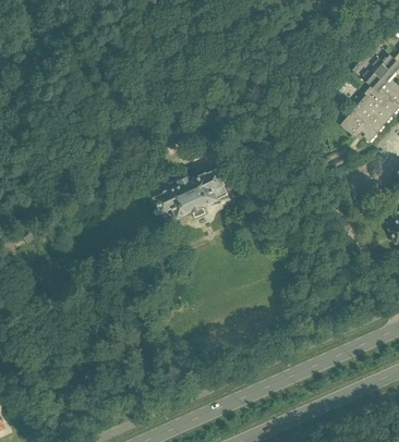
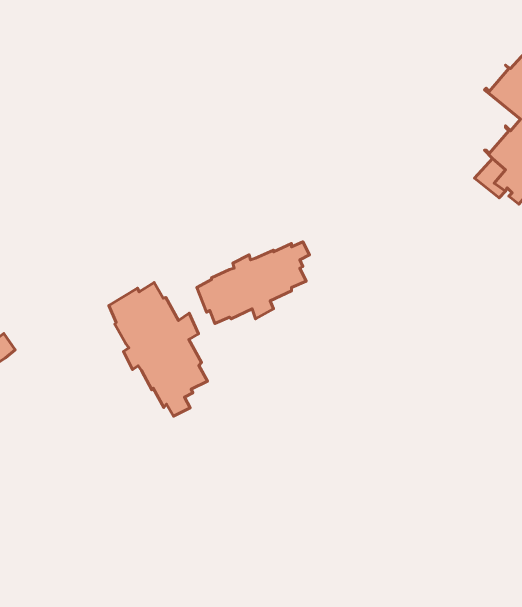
building: none -> [109,283,208,416]

